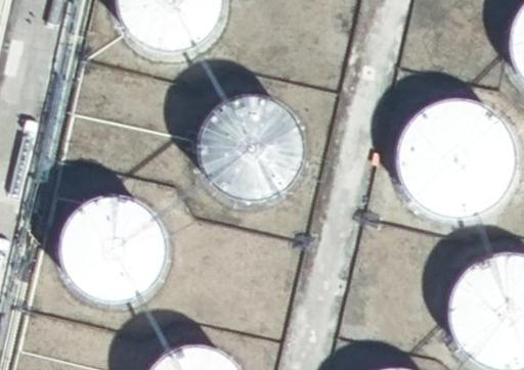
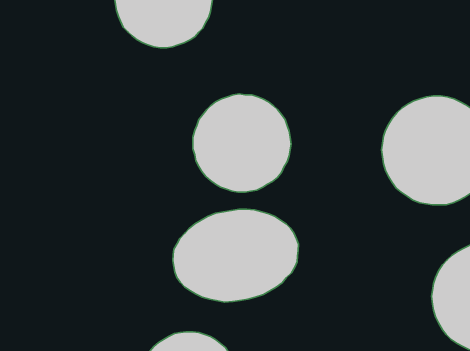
building: [64,197,167,299] -> none
building: none -> [173,209,298,302]

